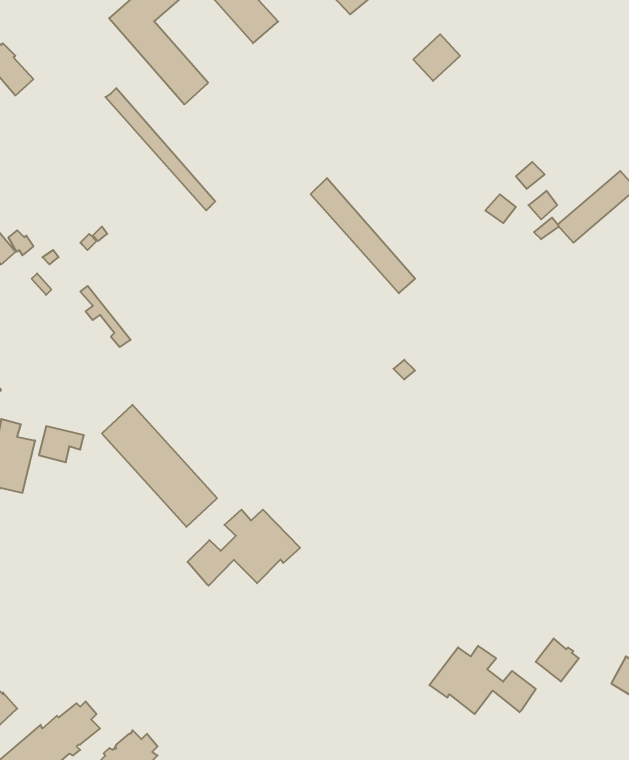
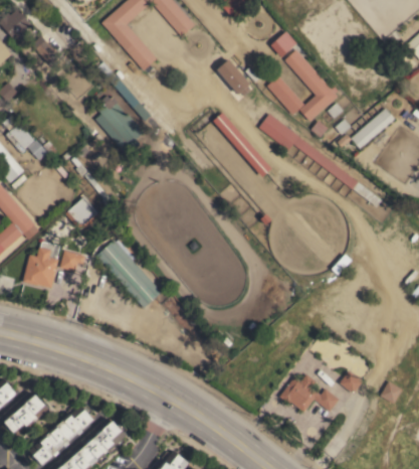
building: none -> [268,49,339,122]
building: none -> [217,59,250,96]
building: none -> [96,96,145,156]
building: none -> [259,113,382,207]
building: none -> [66,196,99,226]
building: [187,510,300,586] -> none

